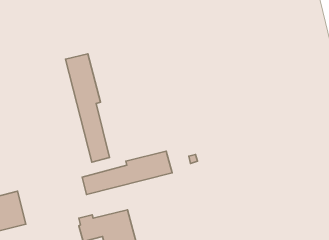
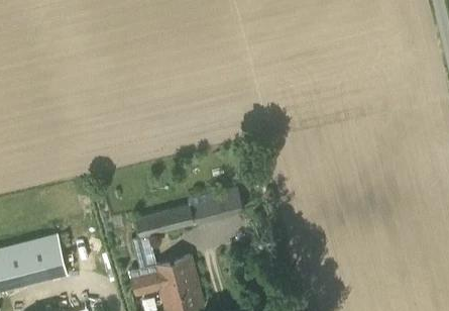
building: [65,54,110,162] -> none

